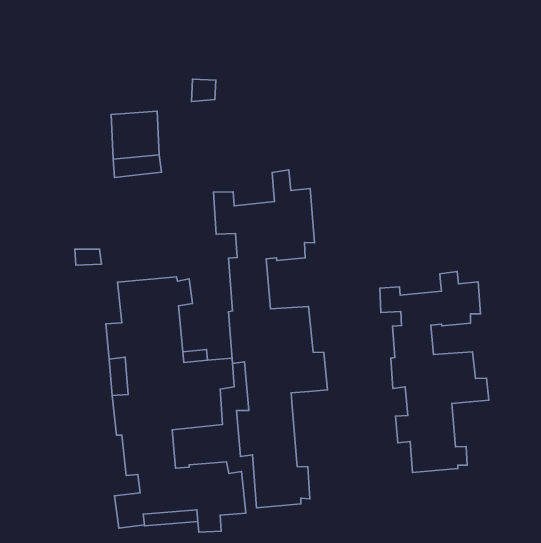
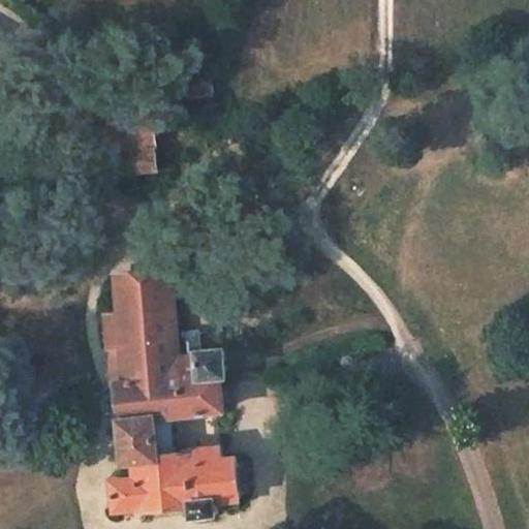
building: [214,170,327,508] -> none
building: [380,272,489,473] -> none

